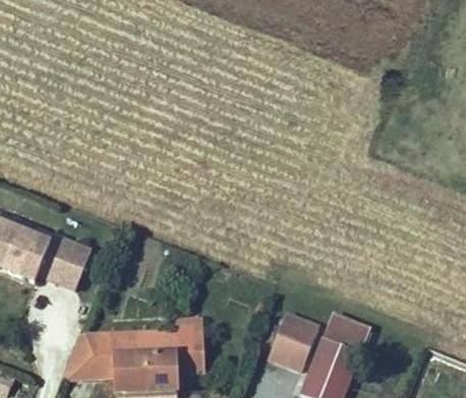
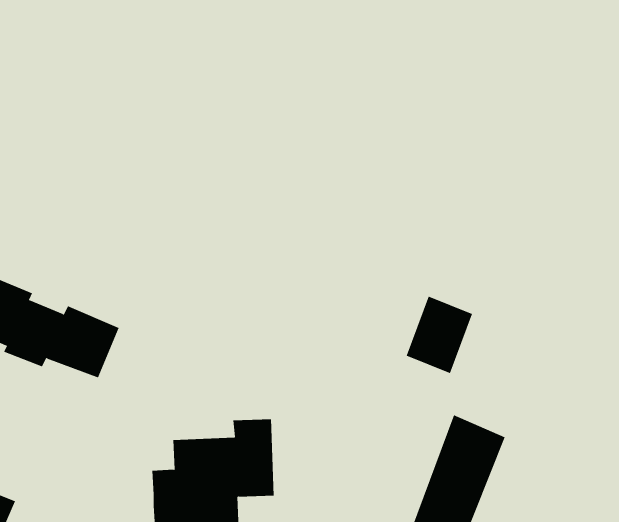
building: [270,311,319,368] -> [406,296,473,374]
building: [62,331,131,381] -> none

